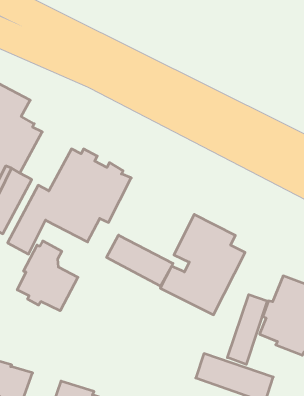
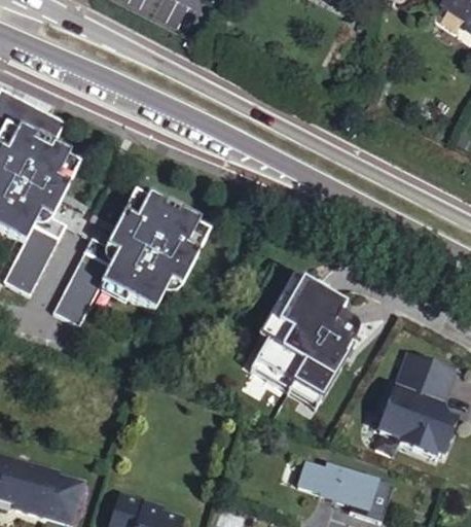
building: [107,235,173,286] -> none
building: [17,241,78,311] -> none
building: [227,295,267,364] -> none

